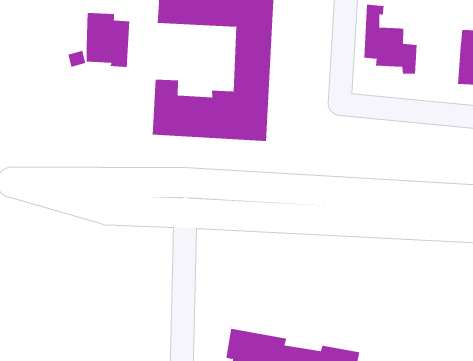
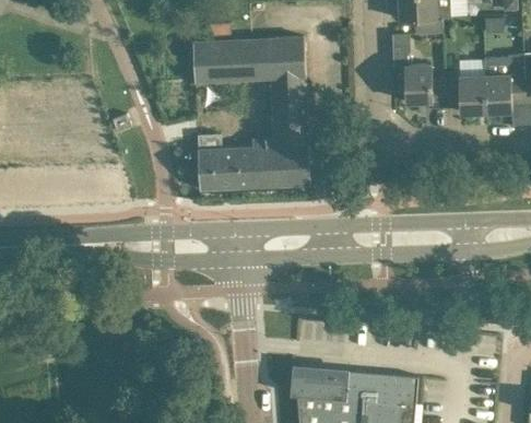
building: [86,12,130,68] -> none
building: none -> [445,75,486,113]

